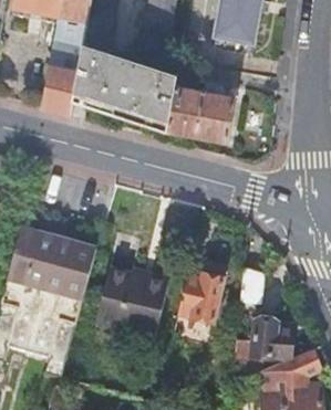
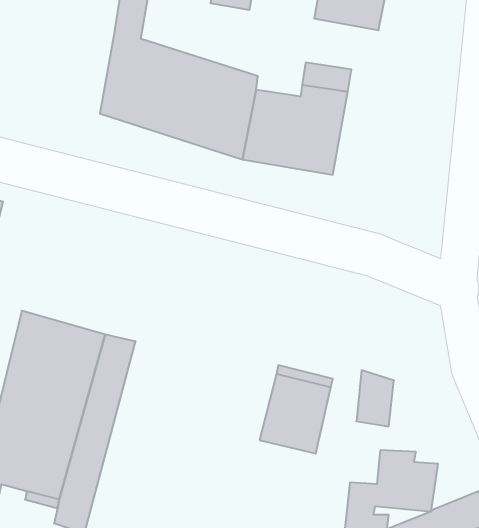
building: [39,43,81,115] -> none
building: [96,269,168,336] -> none

